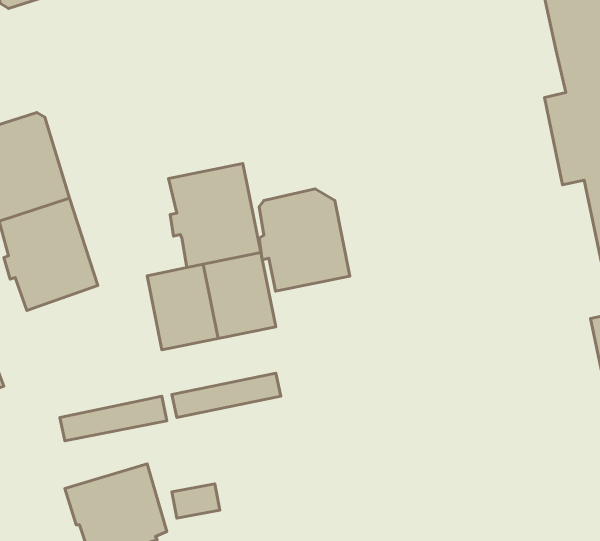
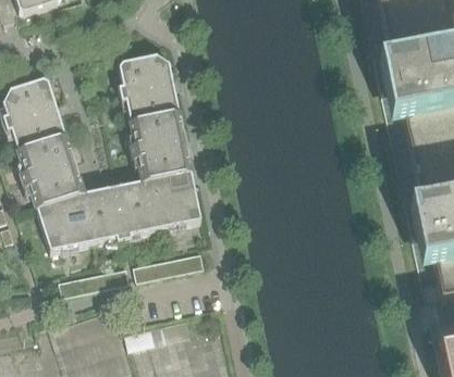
building: [259,189,350,291] -> [120,52,180,120]
building: none -> [37,184,126,248]

